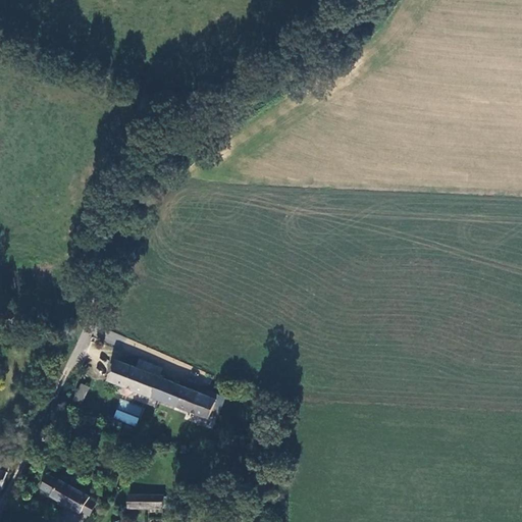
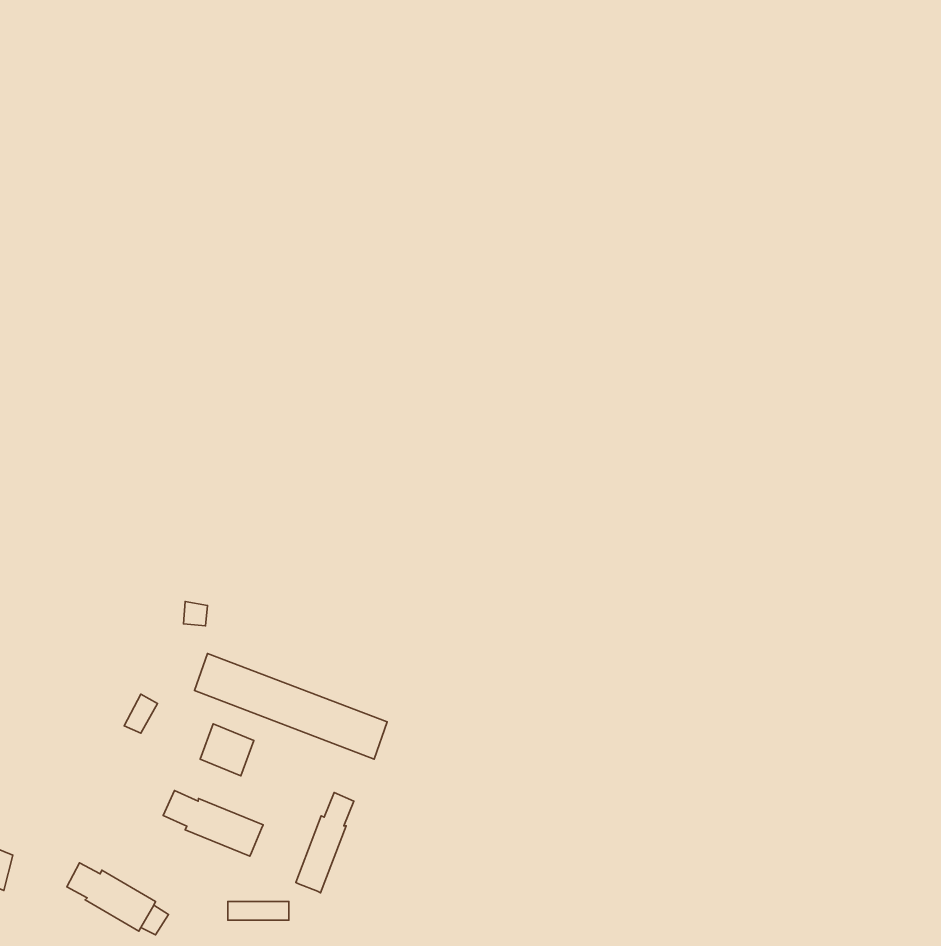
building: none -> [163,791,263,856]
building: none -> [296,792,354,893]

